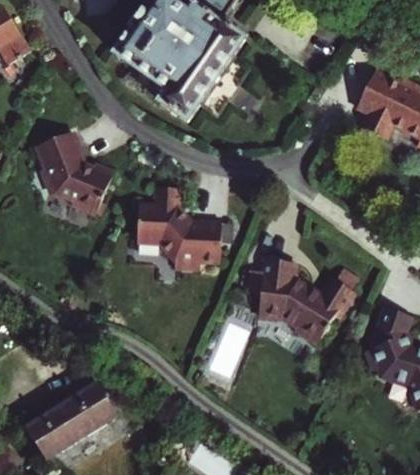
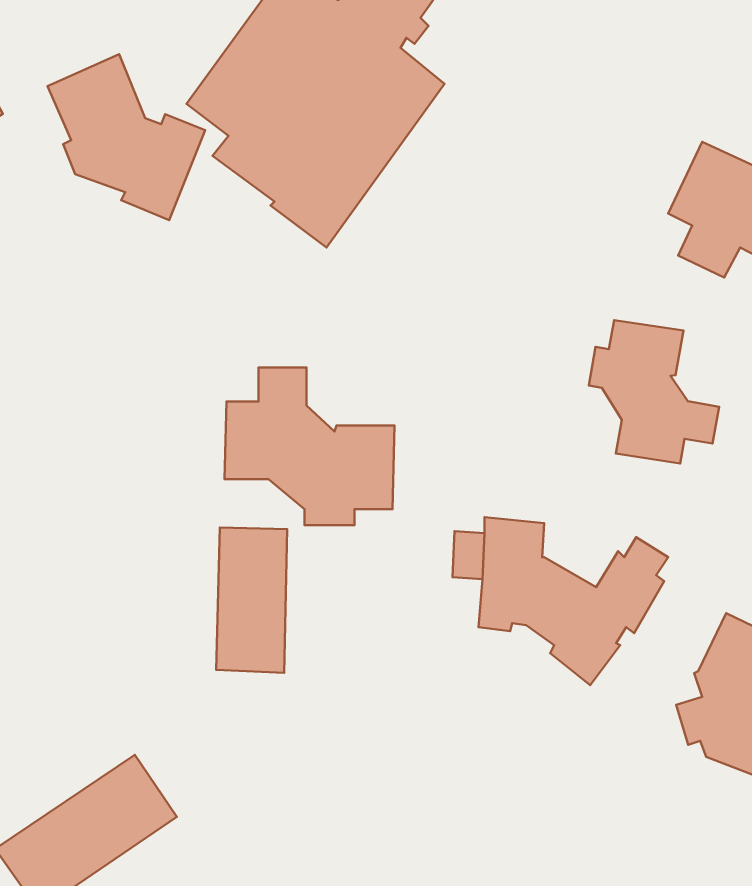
building: [33,130,112,213] -> [47,54,205,220]
building: none -> [589,320,719,463]
building: none -> [216,528,287,673]

